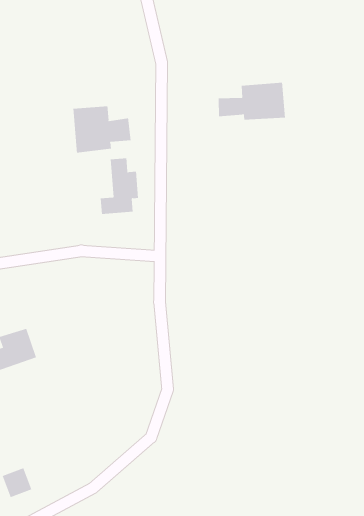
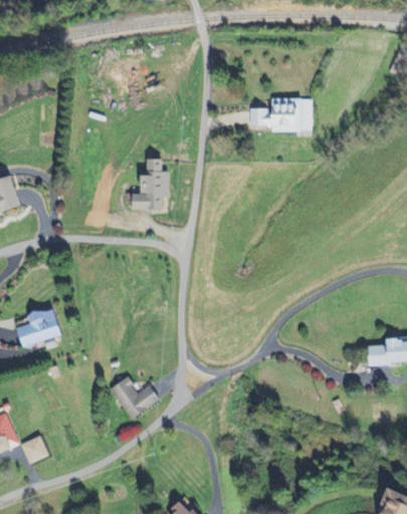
building: [73,105,131,153] -> none
building: none -> [107,376,160,421]

